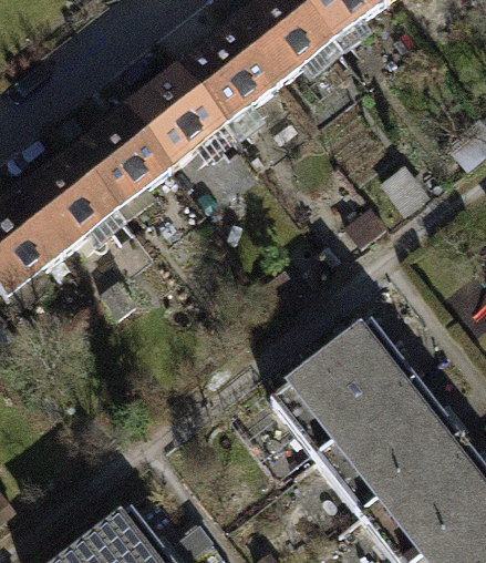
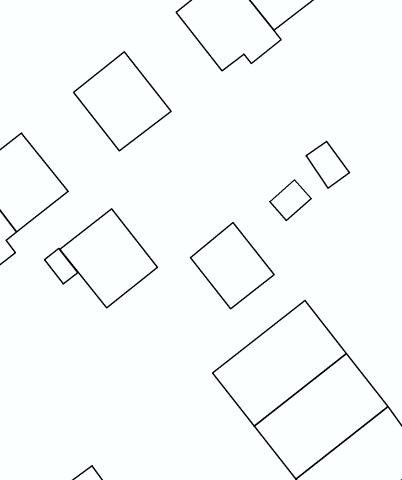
building: [182,20,286,125] -> none
building: [72,105,176,211] -> [60,209,157,308]
building: none -> [190,223,274,309]

